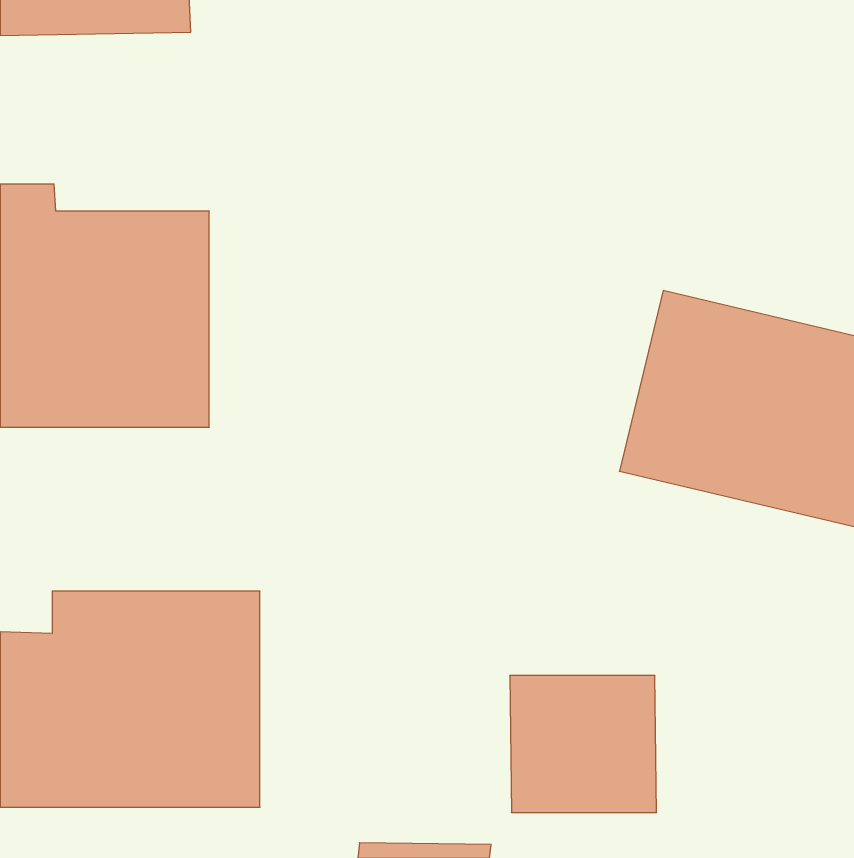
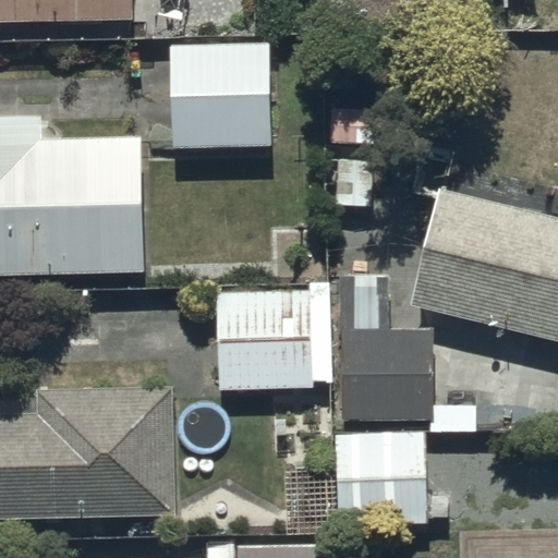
building: none -> [165,40,269,183]
building: none -> [337,275,477,430]
building: none -> [215,291,330,388]

